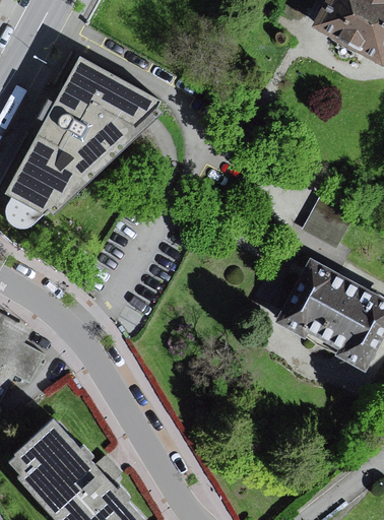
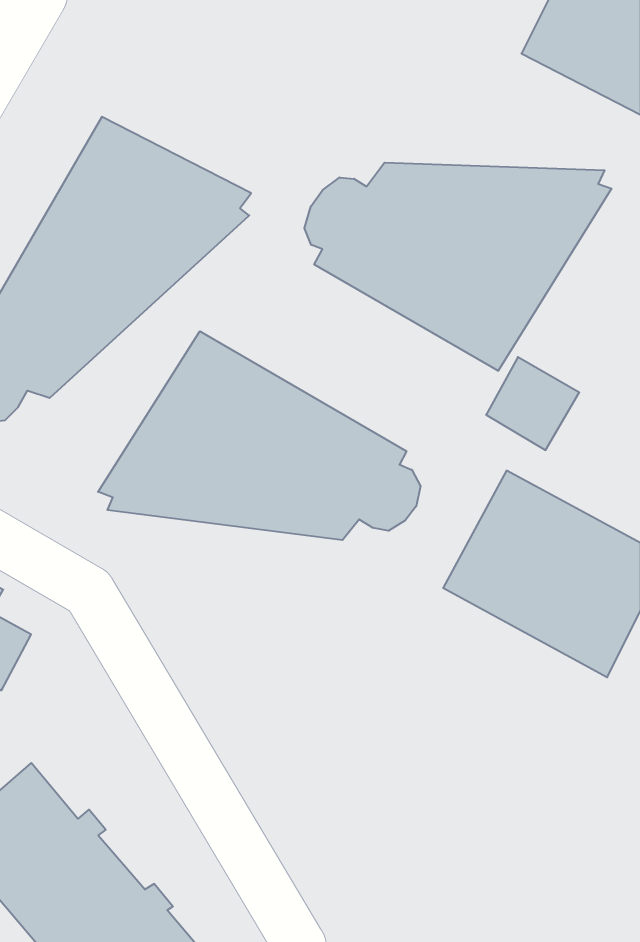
building: none -> [304,163,612,371]
building: none -> [98,331,421,540]

